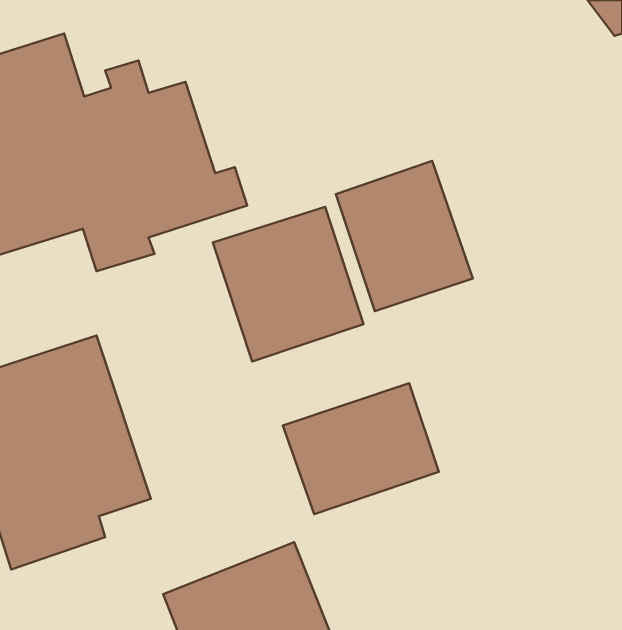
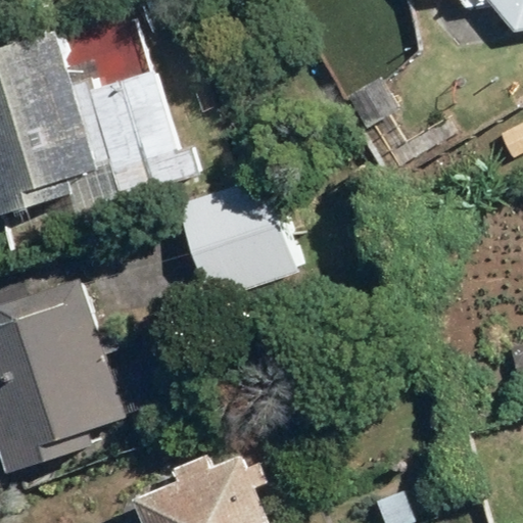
building: [336,161,473,311] -> none
building: [283,383,439,514] -> none

